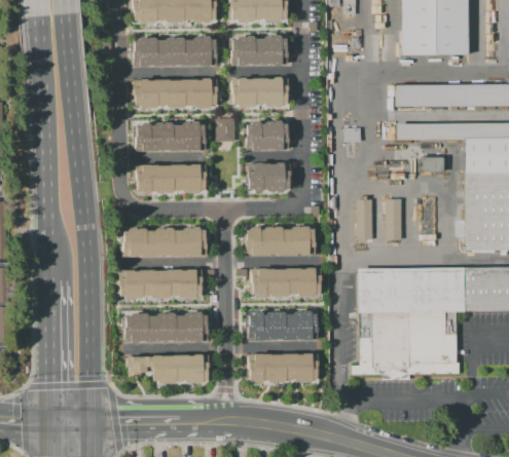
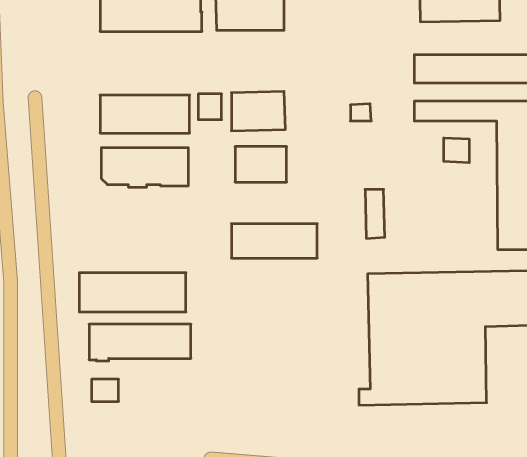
building: [132,77,220,109] -> none
building: [235,77,288,109] -> none
building: [385,198,401,238] -> none
building: [124,223,209,257] -> none
building: [255,267,321,299] -> none
building: [247,307,316,341] -> none
building: [153,353,212,386] -> none
building: [250,353,314,383] -> none

